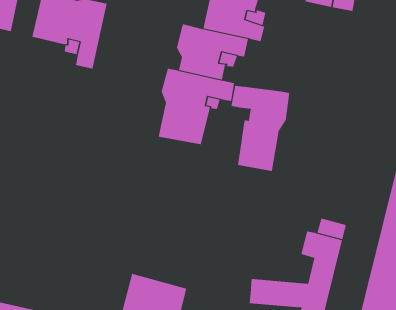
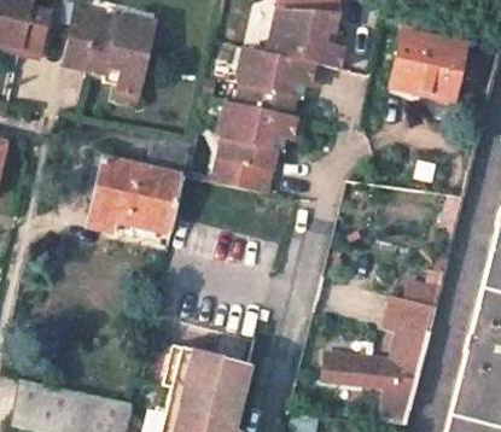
building: none -> [390,33,464,101]
building: [231,85,290,172] -> none
building: none -> [88,134,192,233]

